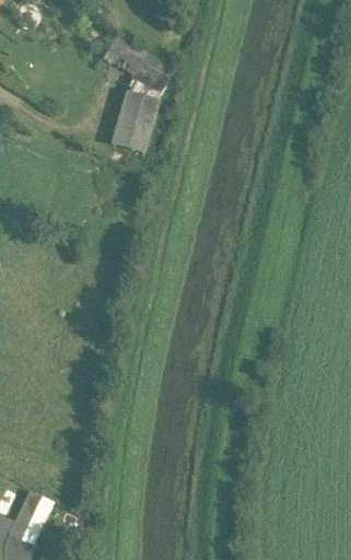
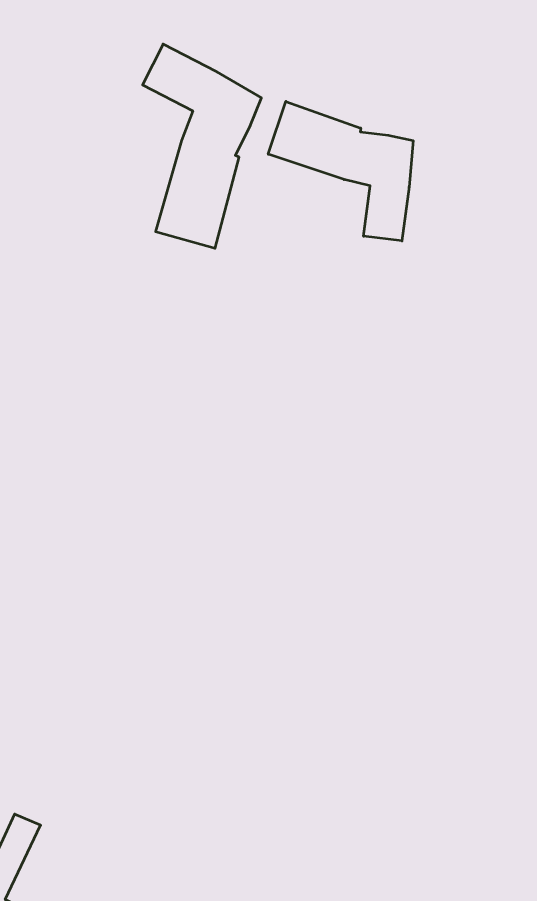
building: none -> [268,101,413,241]

